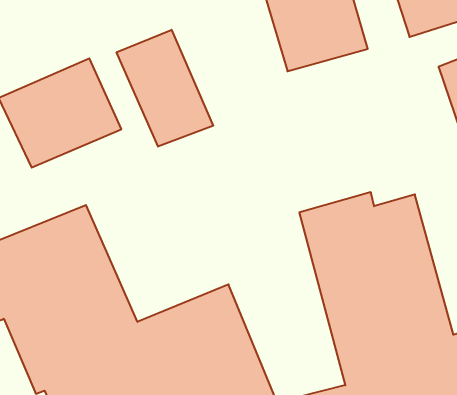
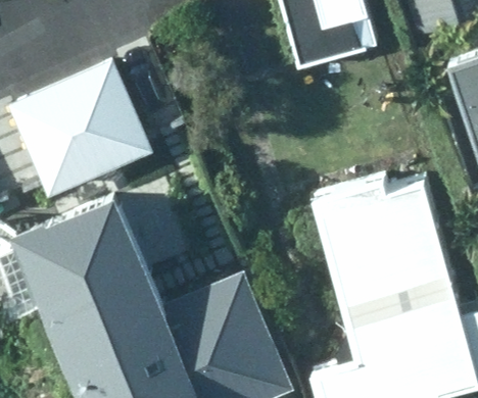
building: [117,30,213,147] -> none

